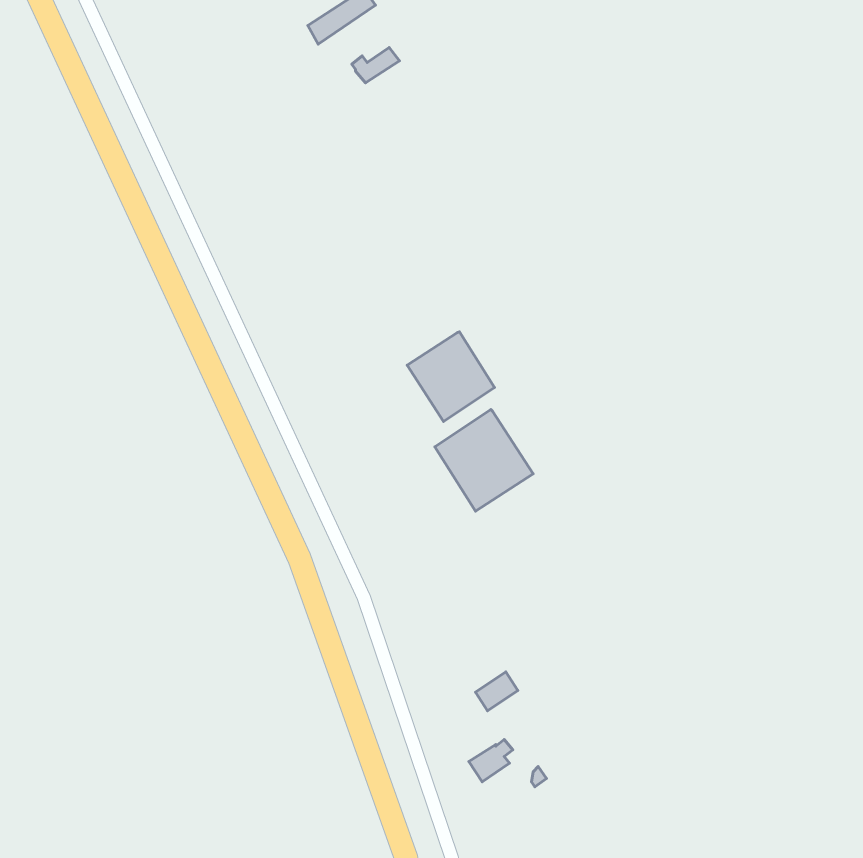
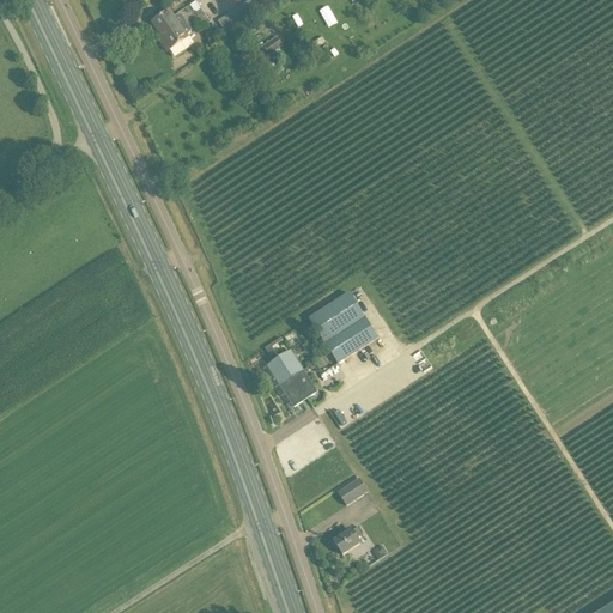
building: none -> [151,8,187,49]
building: [407,332,494,421] -> none
building: none -> [272,348,316,405]

